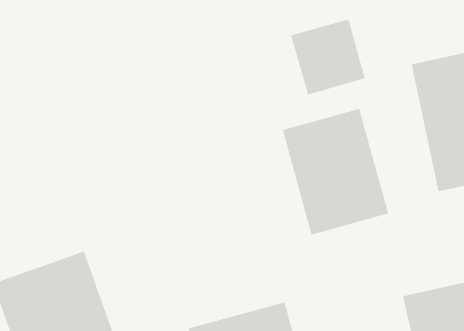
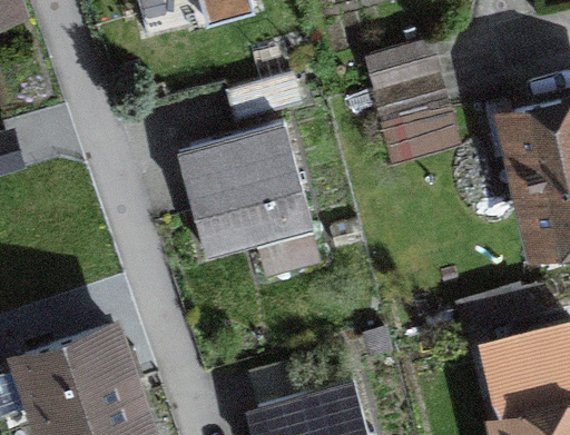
building: none -> [175,112,313,251]
building: [282,108,389,236] -> none

